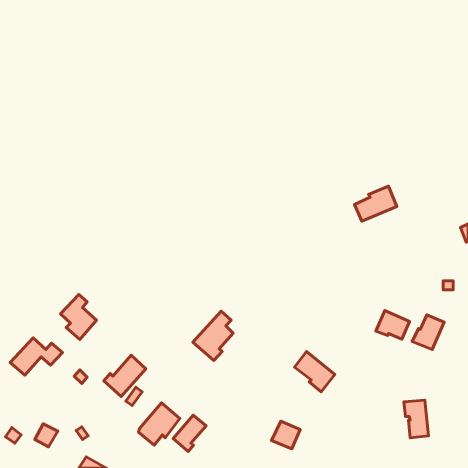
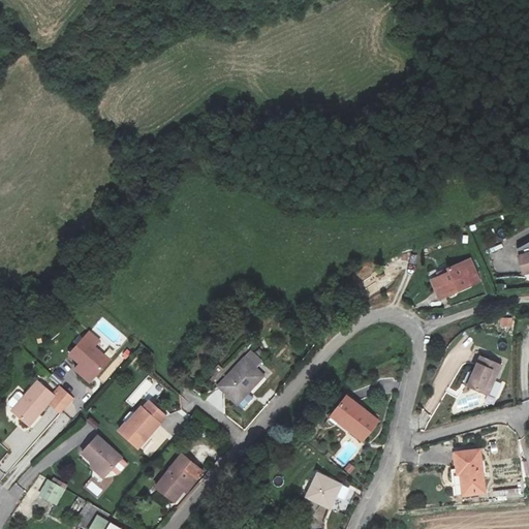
building: [355,186,397,221] -> [432,258,479,298]
building: [376,311,410,339] -> none
building: none -> [81,435,121,477]
building: [173,415,206,451] -> none

